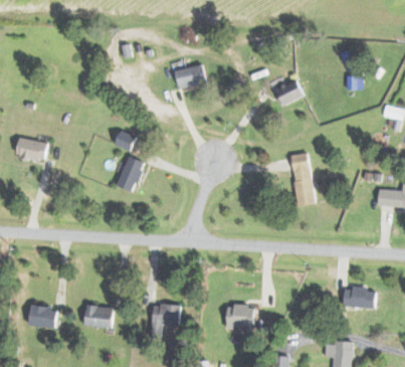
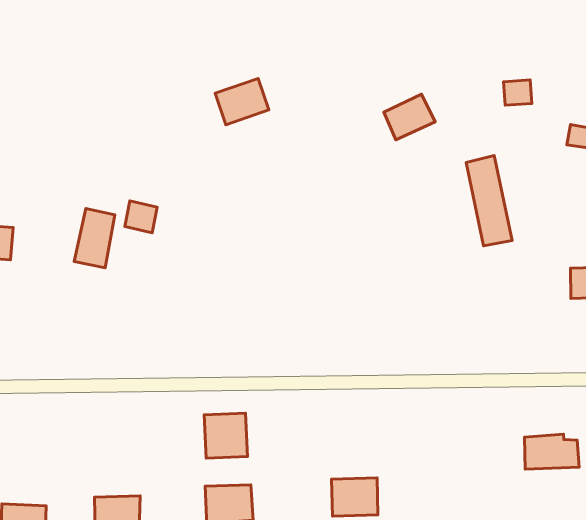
building: [290,152,315,205] -> [466,156,512,246]
building: [117,156,143,192] -> [74,208,115,268]
building: none -> [204,413,248,458]

